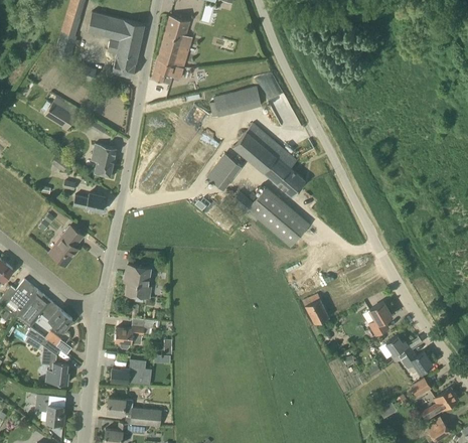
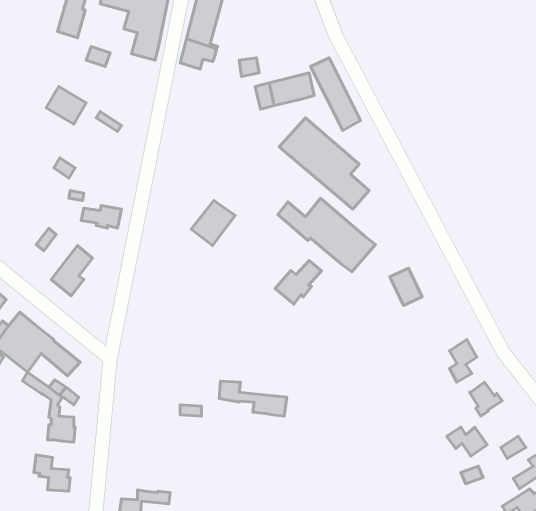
building: [92,143,117,175] -> none
building: [205,153,241,189] -> [191,200,235,246]
building: none -> [275,260,322,304]
building: [125,265,150,303] -> none
building: [303,294,329,324] -> [390,268,422,306]
building: [115,318,148,348] -> none
building: [401,350,433,374] -> [447,427,487,456]
building: [111,358,146,383] -> none
building: [108,398,162,426] -> [219,381,287,416]

